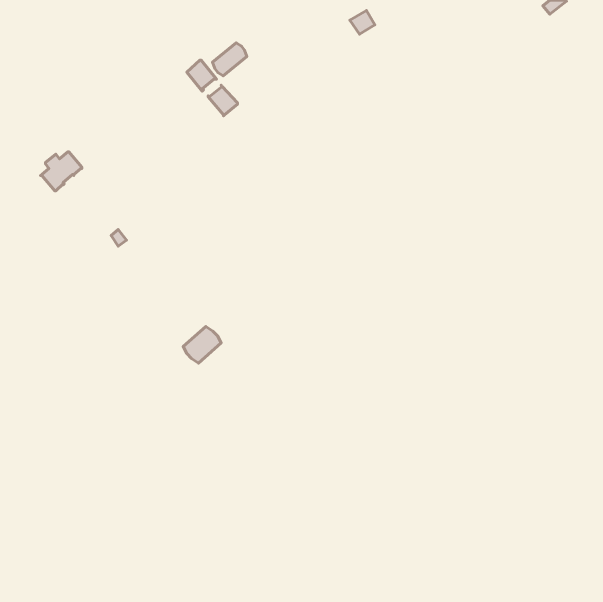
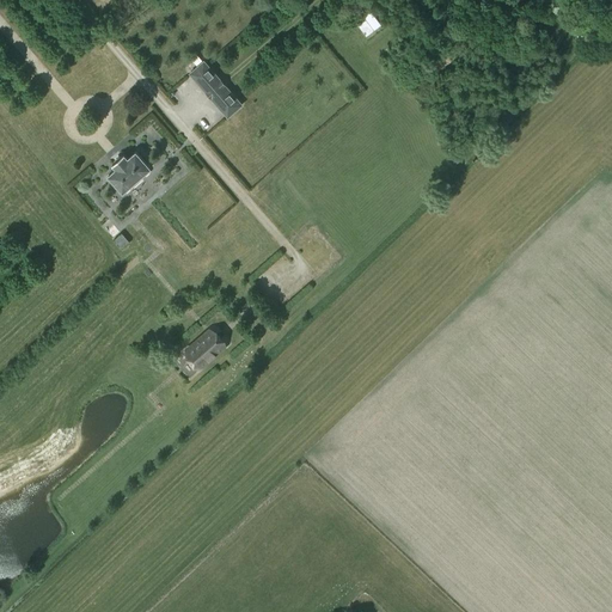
building: [212,43,247,76] -> none
building: [41,152,82,191] -> [106,154,148,194]

